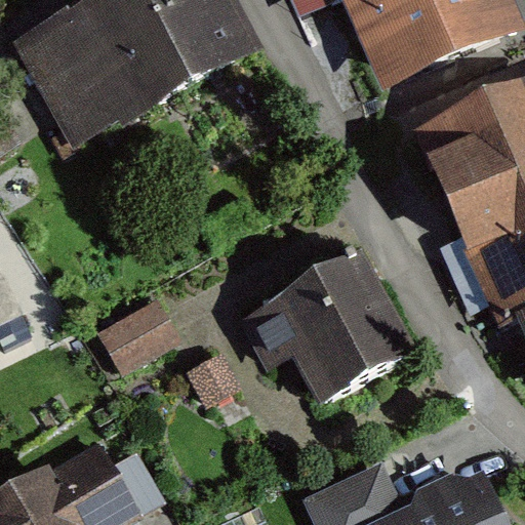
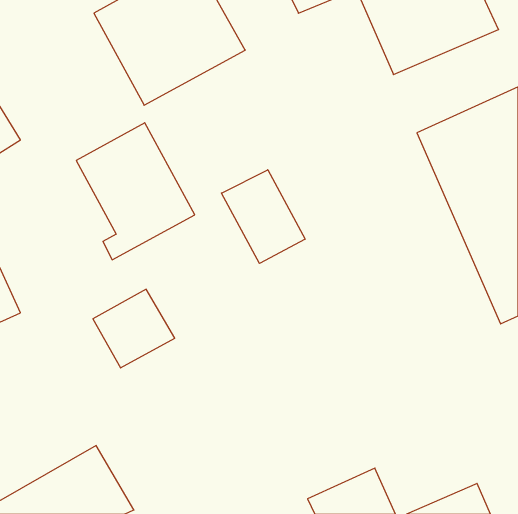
building: [26,13,145,151] -> [76,123,195,260]
building: none -> [221,170,305,263]
building: [246,258,408,401] -> none

